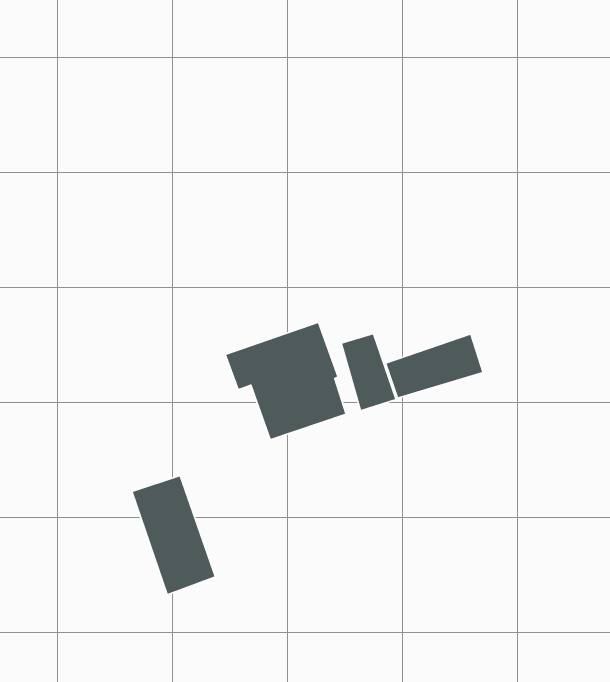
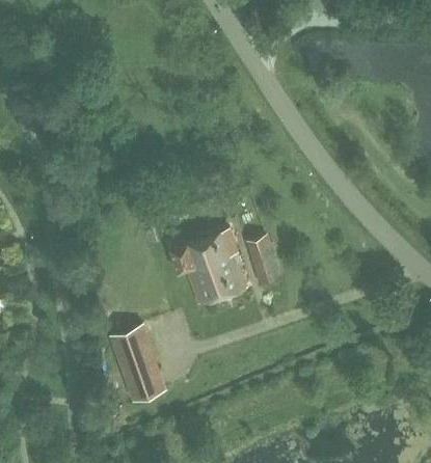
building: [386,334,483,398] -> none

